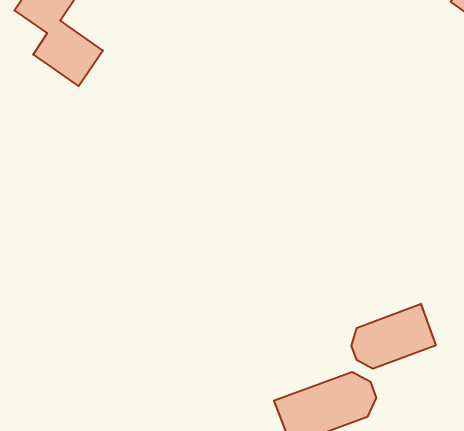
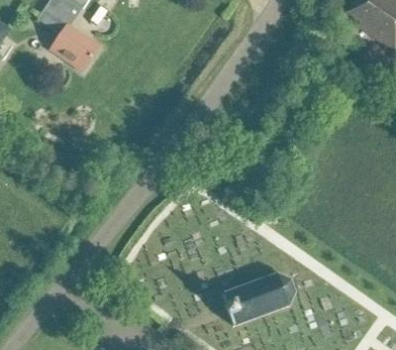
building: [351,304,436,369] -> none

